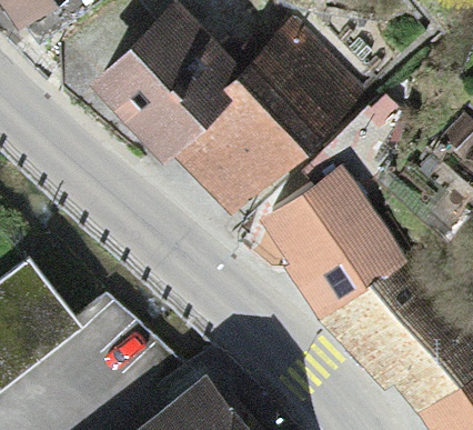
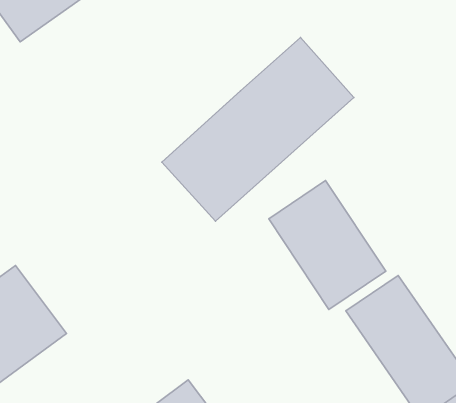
building: [102,16,250,163] -> none

